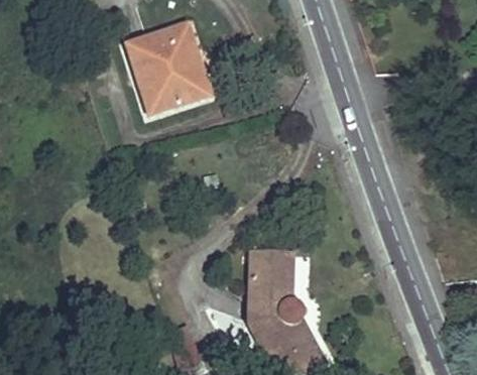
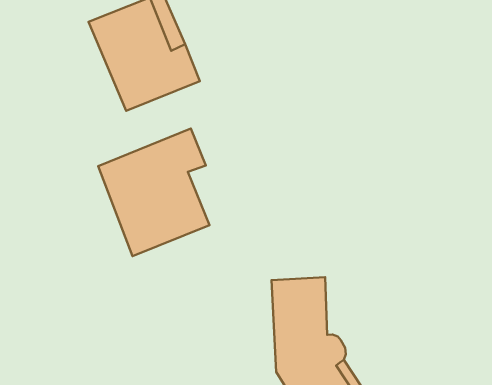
building: none -> [98,129,210,256]

